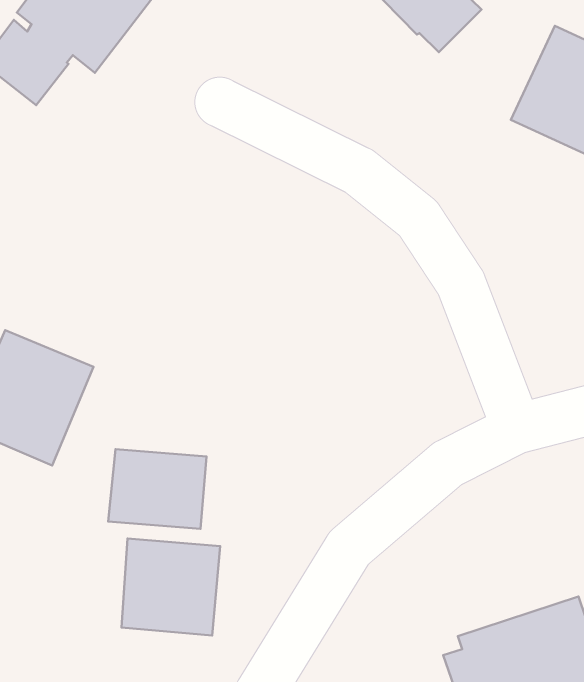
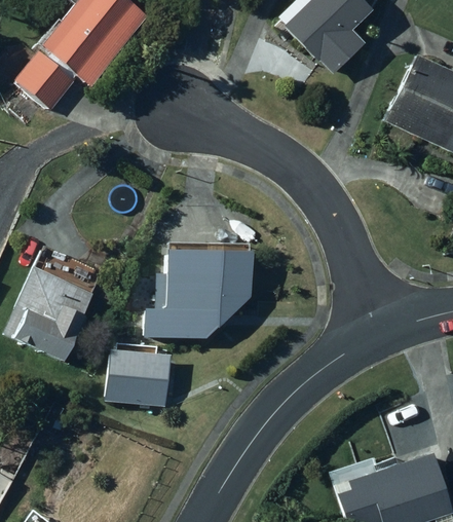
building: none -> [149,248,229,340]
building: [121,539,220,636] -> none

